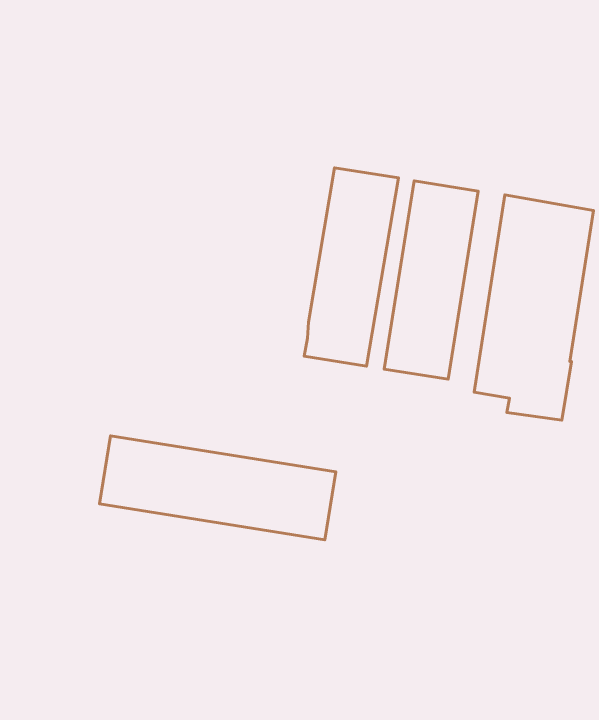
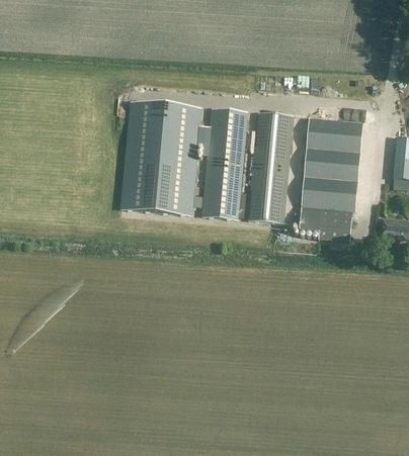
building: none -> [120,101,203,214]
building: [99,436,336,540] -> none

